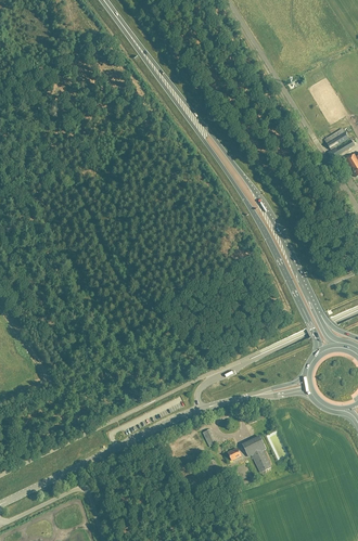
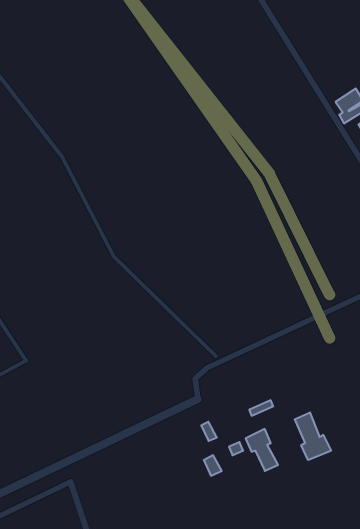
building: none -> [295,412,331,460]

